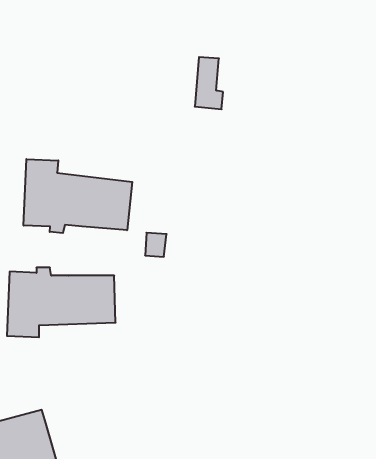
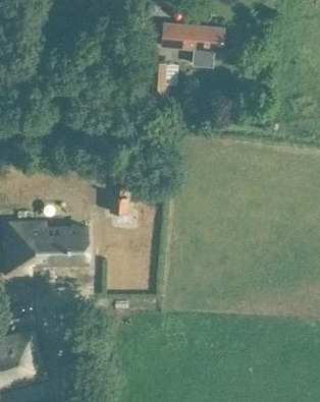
building: none -> [163,22,226,67]
building: [24,159,132,233] -> none

